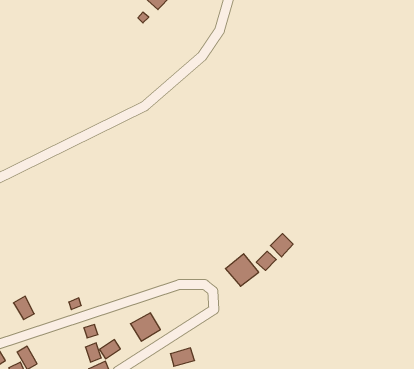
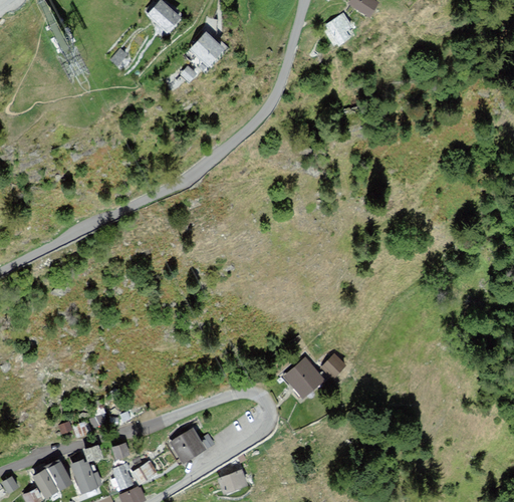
building: [270,234,293,257] -> none
building: [13,296,34,320] -> [47,460,72,488]
building: none -> [71,458,97,491]

